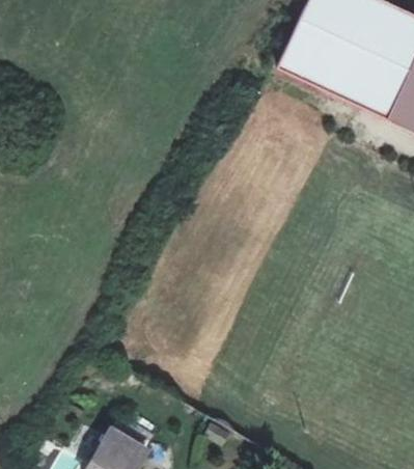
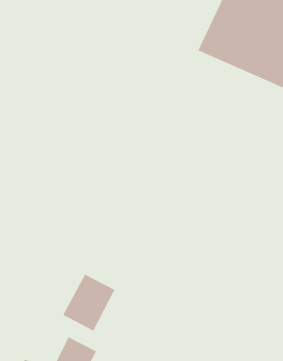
building: none -> [62,274,115,332]

